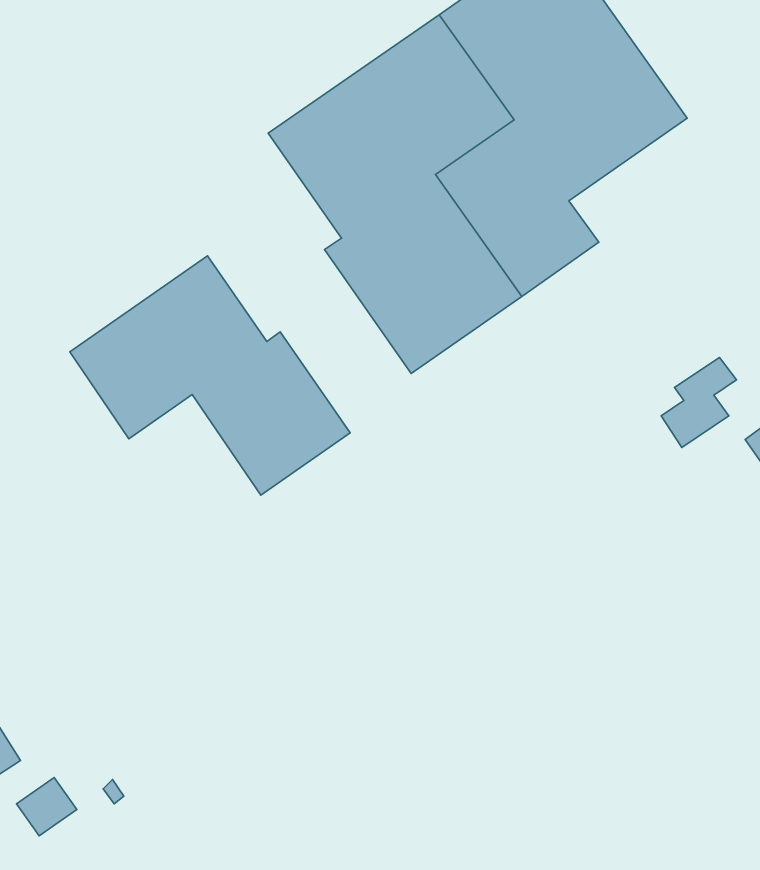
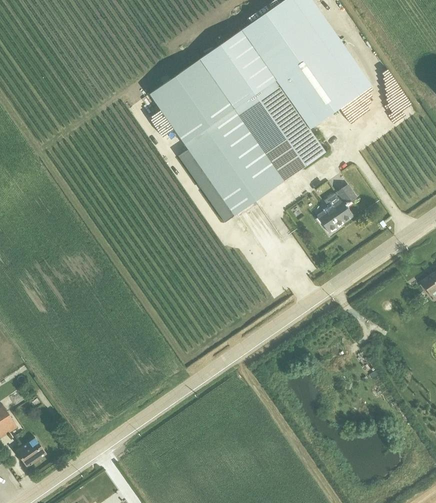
building: [70,256,350,495] -> none
building: [661,357,736,448] -> [318,184,358,232]

